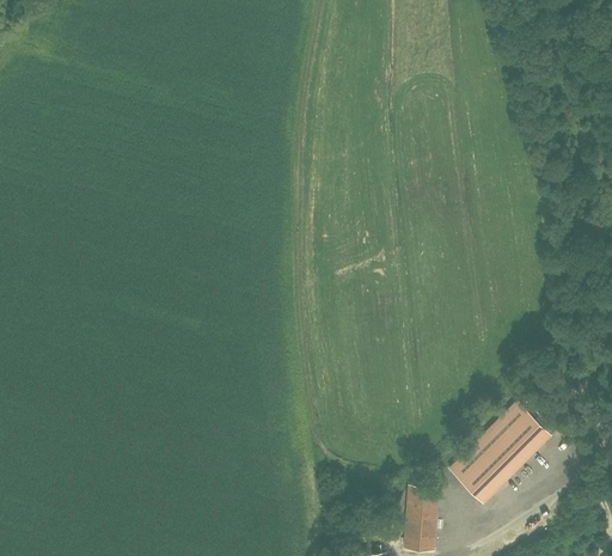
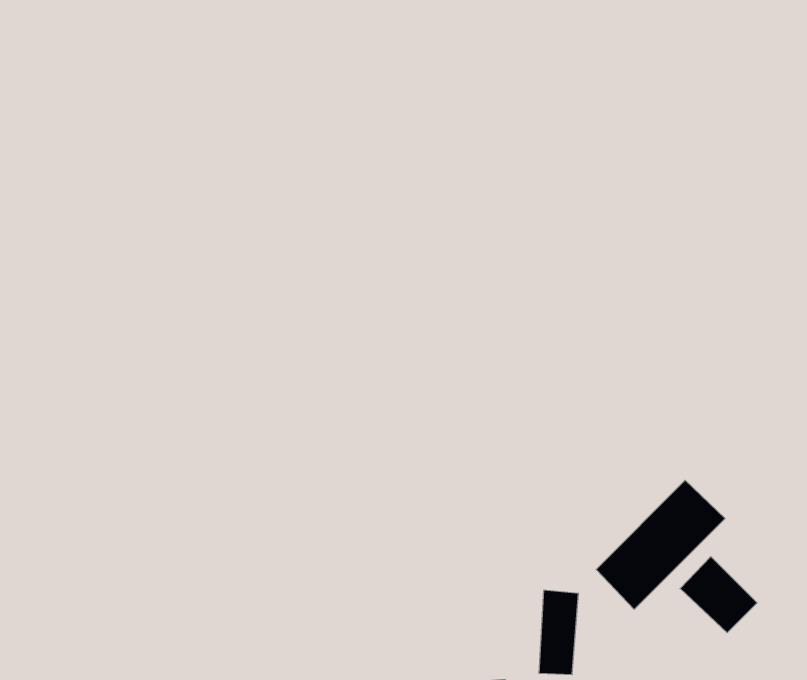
building: none -> [680,557,757,633]

